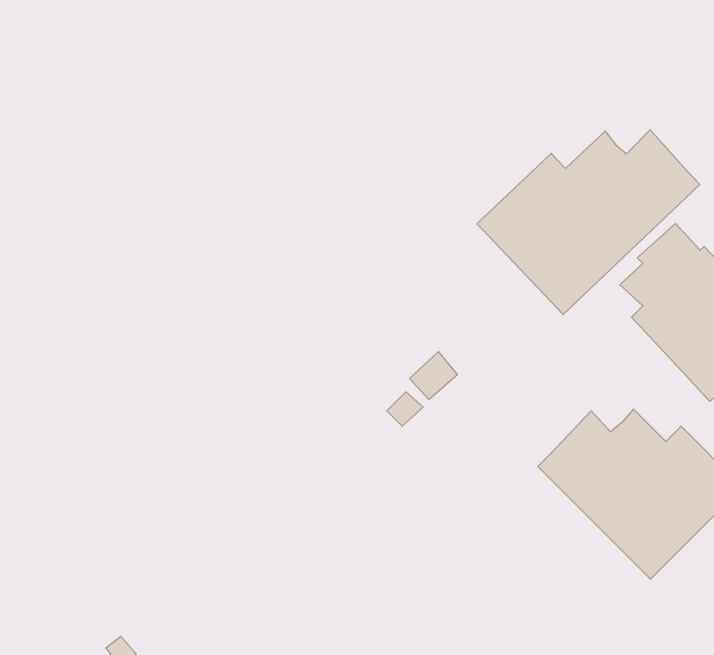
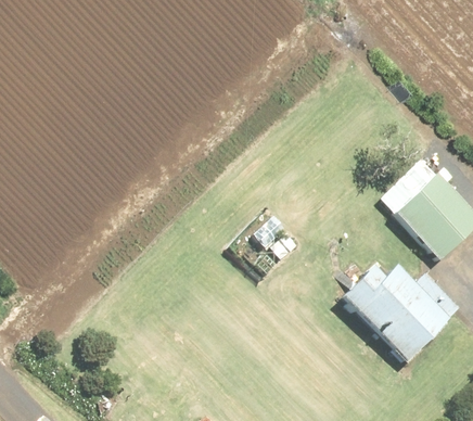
building: [477,130,700,315] -> none

